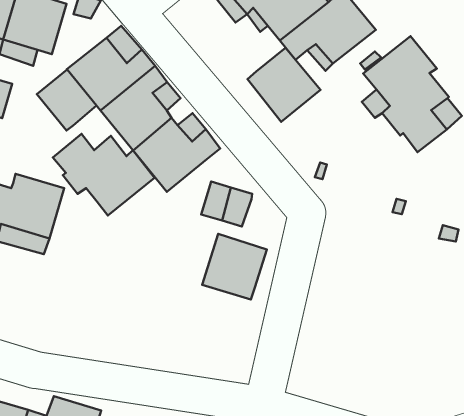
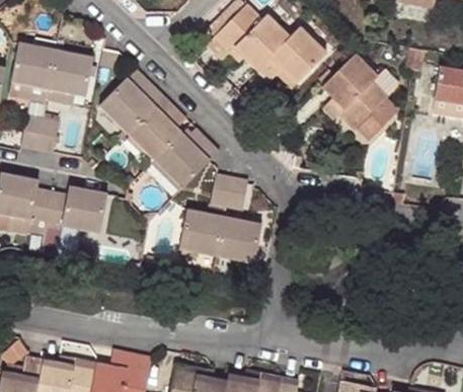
building: [247,48,321,122] -> none
building: [37,70,96,130] -> none
building: [53,134,154,216] -> none
building: none -> [178,209,225,256]

